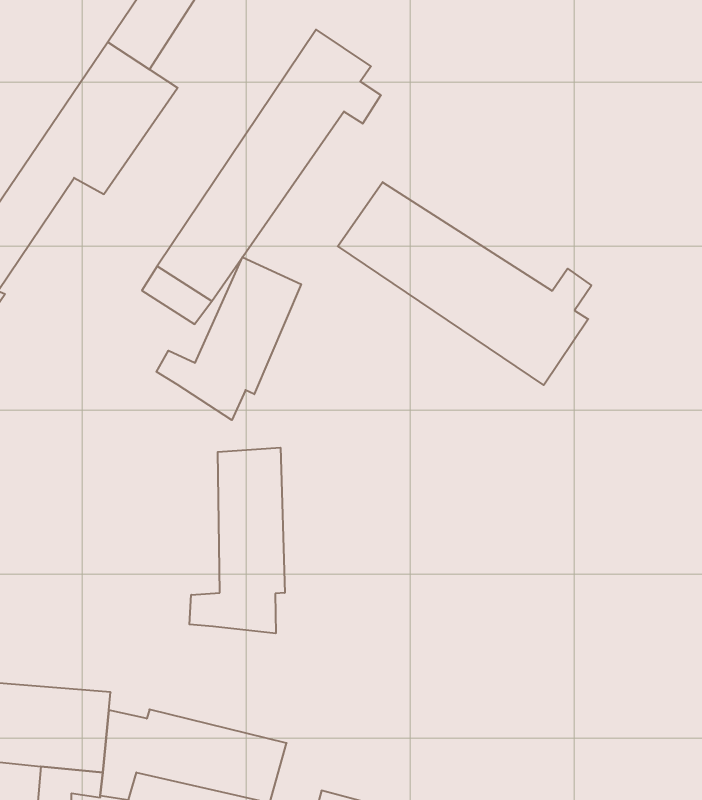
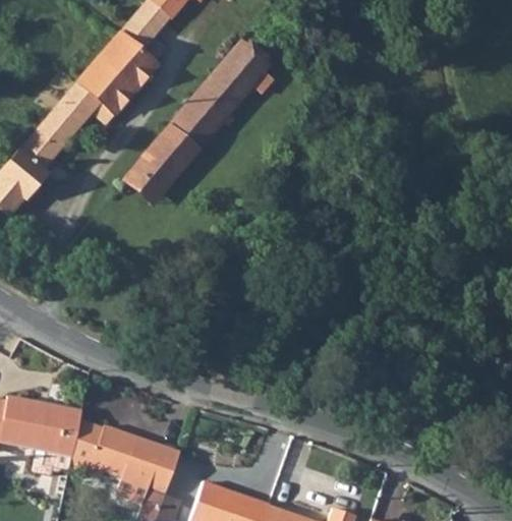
building: [338,182,591,385] -> none
building: [156,257,301,420] -> none
building: [189,448,285,633] -> none

